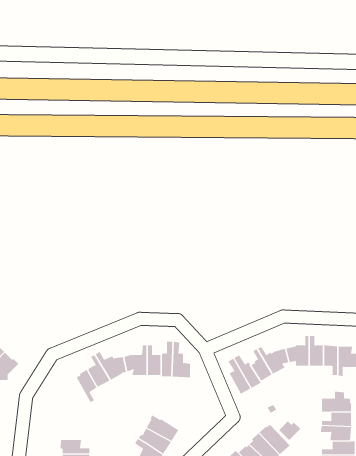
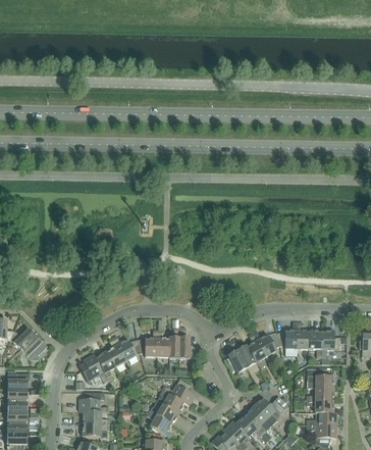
building: none -> [81,354,108,383]
building: none -> [161,380,194,406]
building: none -> [78,393,108,412]

